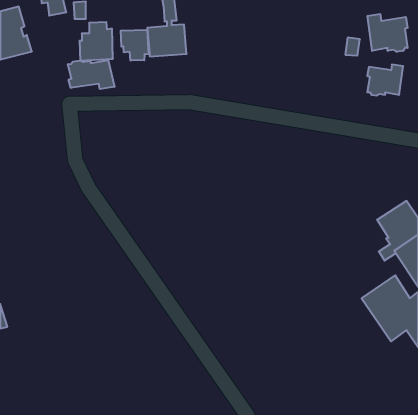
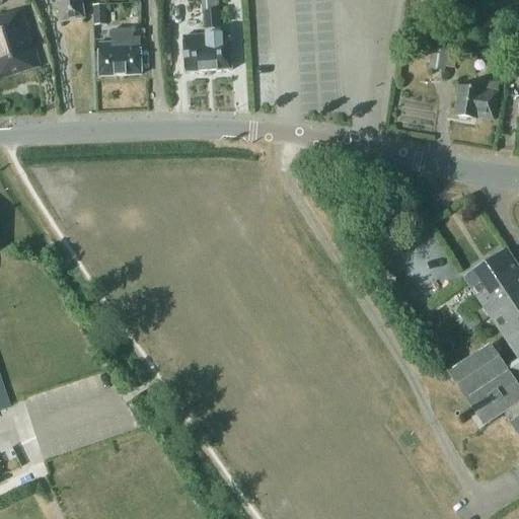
building: [367,14,408,52] -> none
building: [121,30,148,61] -> none
building: [68,60,114,89] -> none

